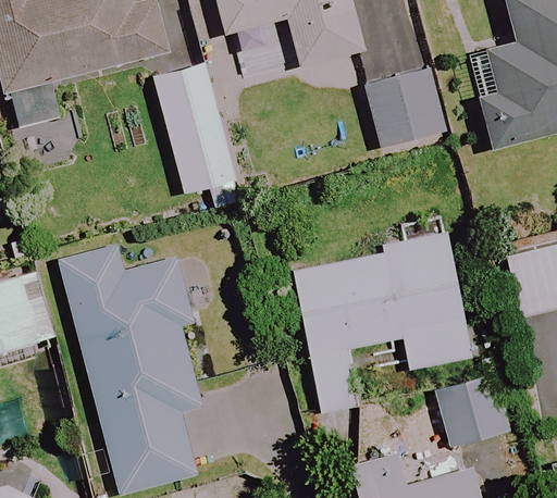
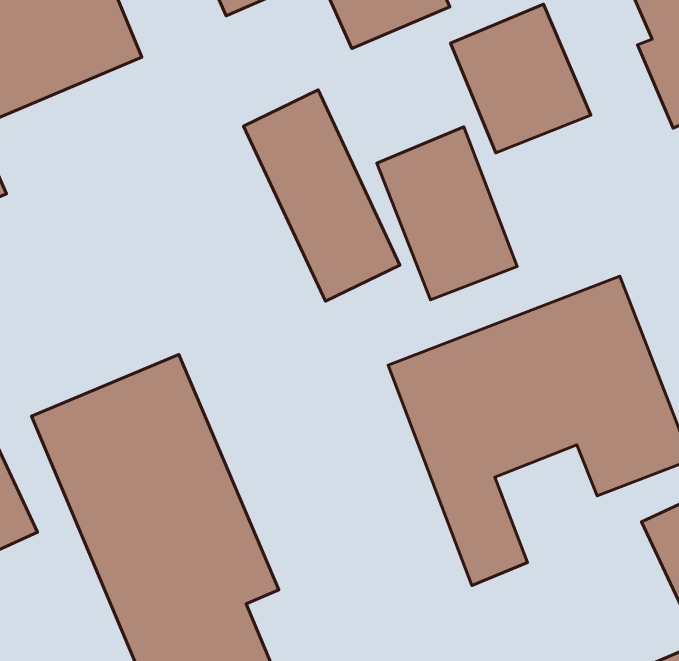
building: [153,62,237,195] -> [244,90,400,301]
building: none -> [377,127,517,300]

